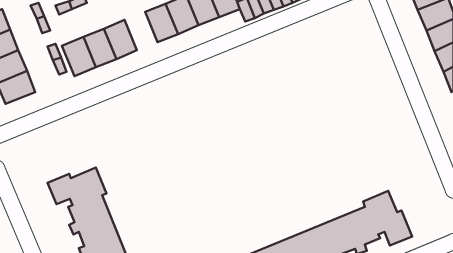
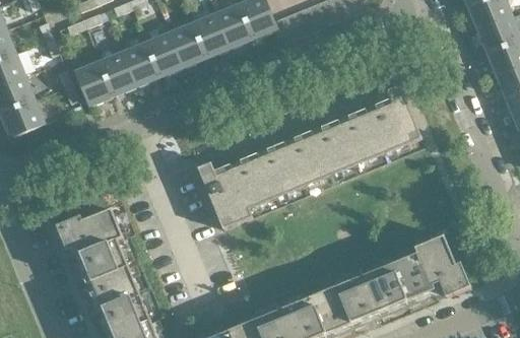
building: none -> [144,32,182,76]
building: none -> [198,85,421,229]

